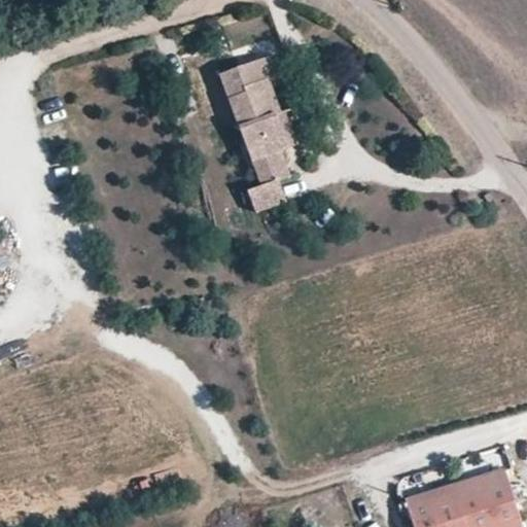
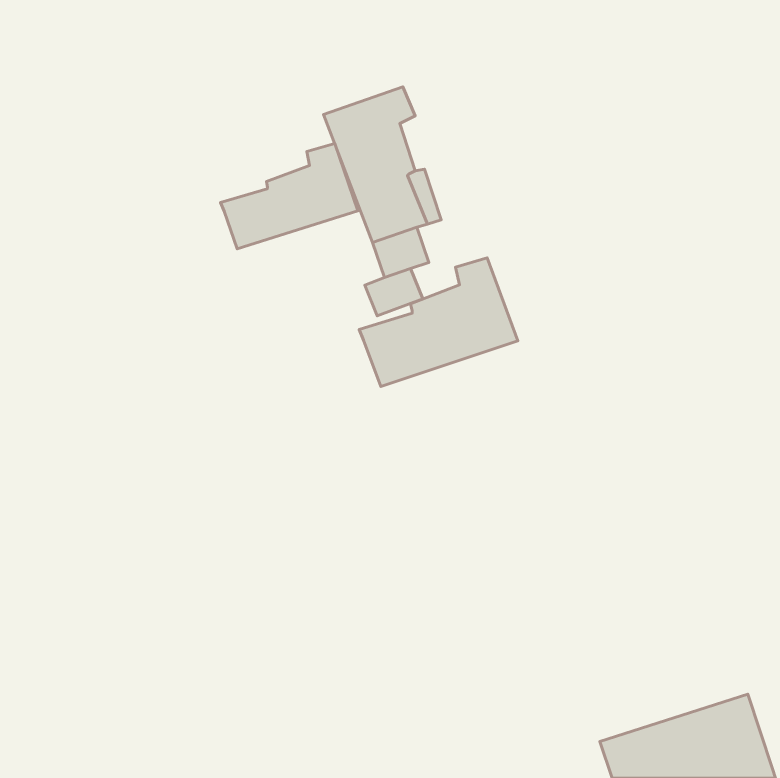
building: none -> [221,144,358,249]
building: none -> [359,258,518,386]

